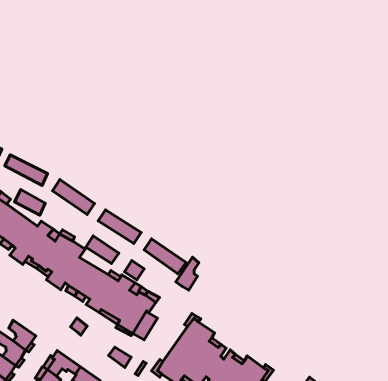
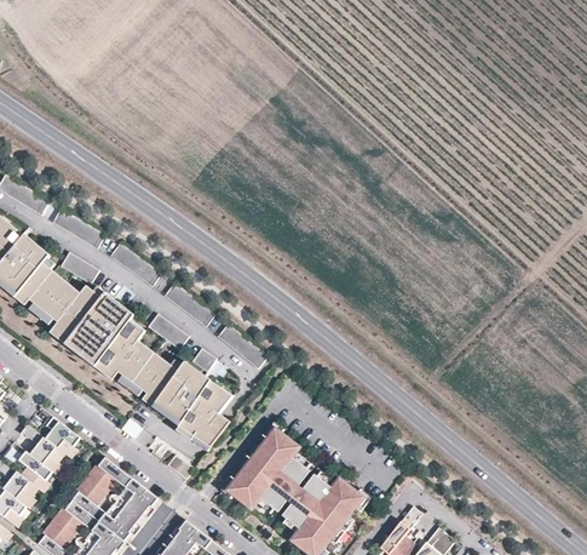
building: [176,257,199,290] -> none

